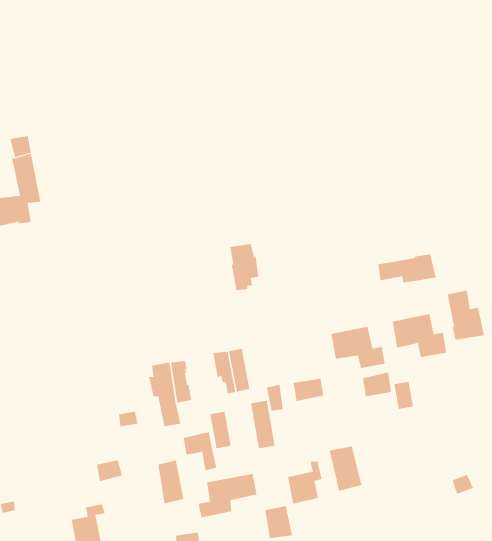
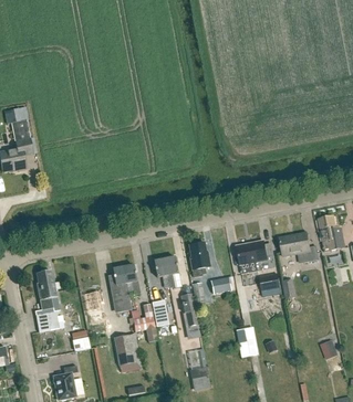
building: [229,244,259,291] -> [189,243,210,276]
building: [378,254,436,283] -> none
building: none -> [37,271,60,331]
building: [288,461,322,504] -> none
building: [198,473,257,518] -> none

